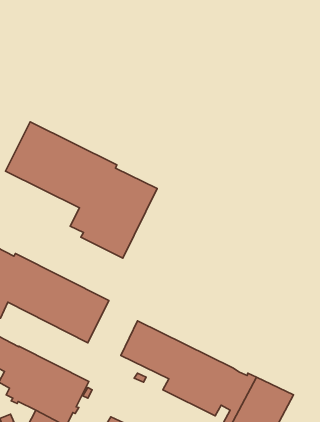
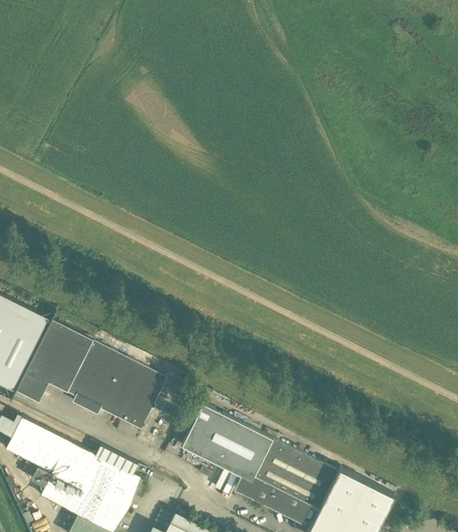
building: [5,122,157,258] -> none

